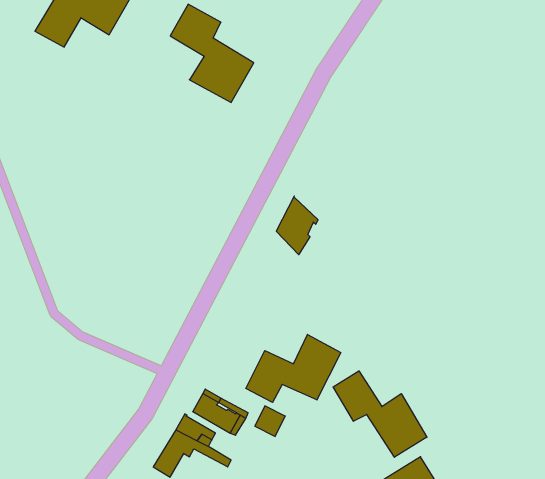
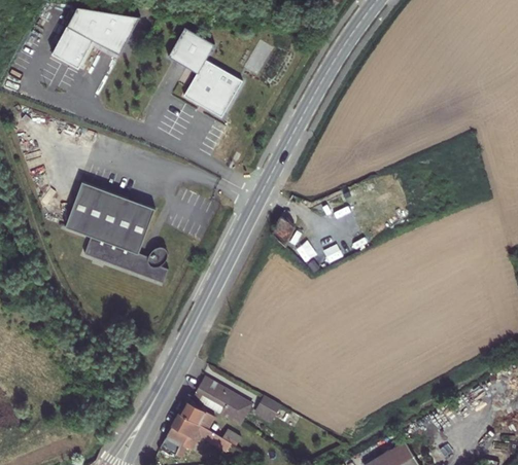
building: none -> [63,182,167,284]
building: [246,334,341,402] -> none
building: [333,371,427,457] -> none

